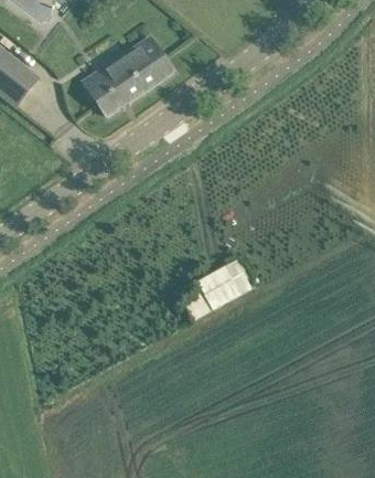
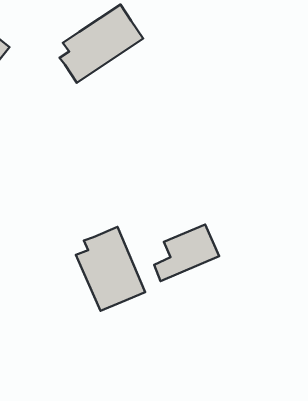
building: none -> [76,227,145,311]

